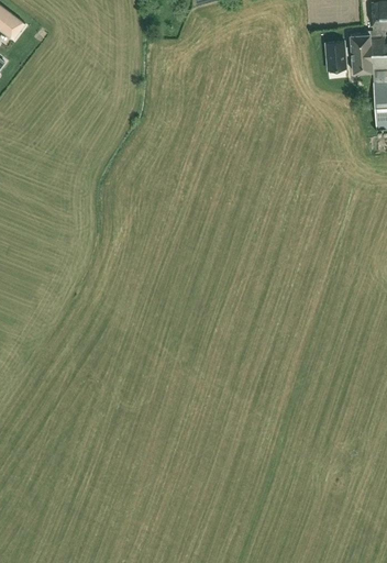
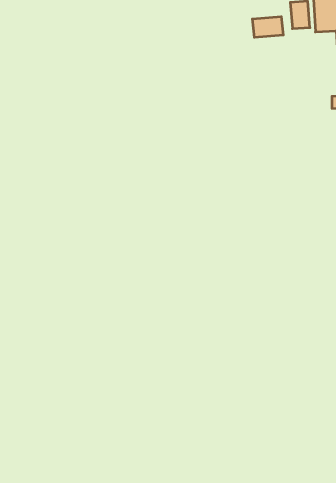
building: none -> [252,17,283,37]

